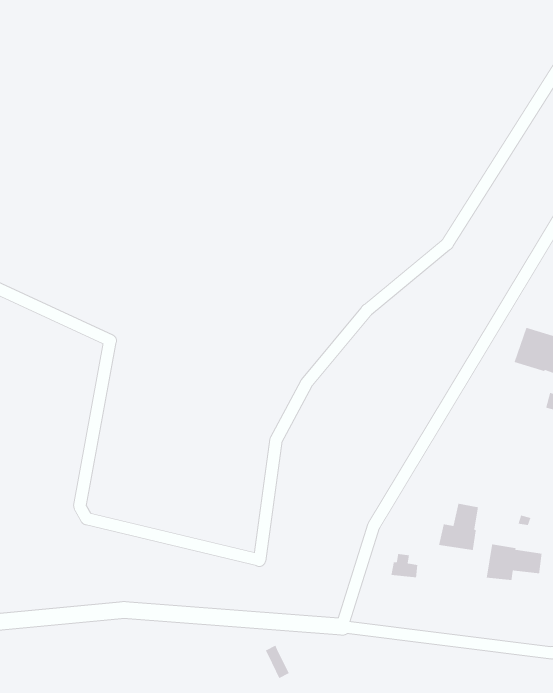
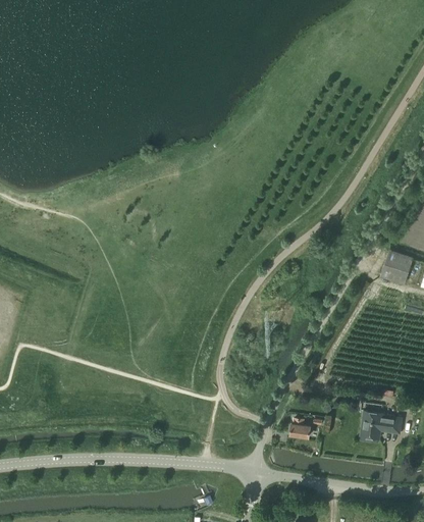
building: [438,503,479,551] -> none

